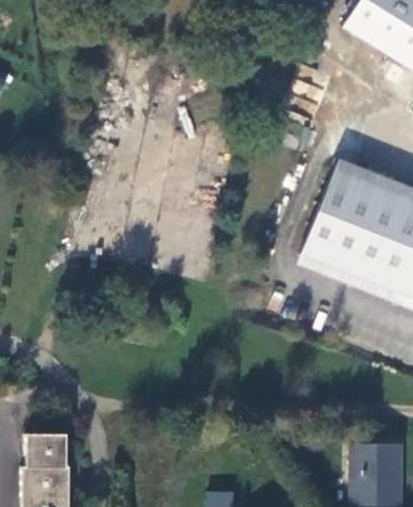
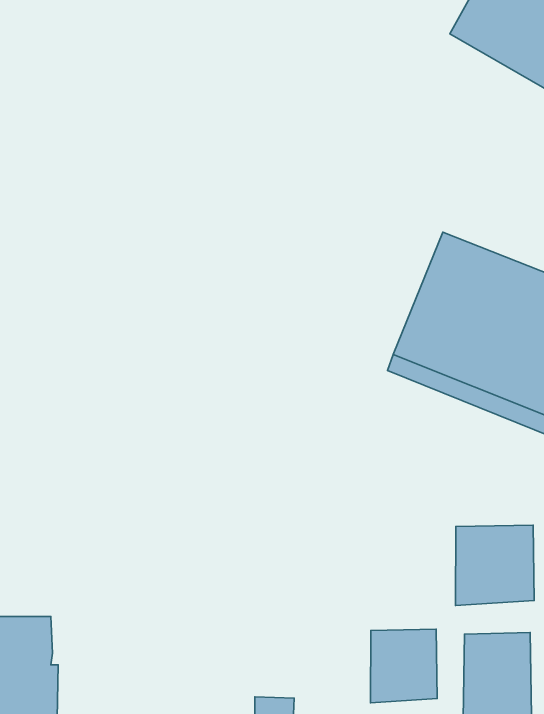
building: none -> [456,525,534,605]
building: none -> [371,629,437,703]

